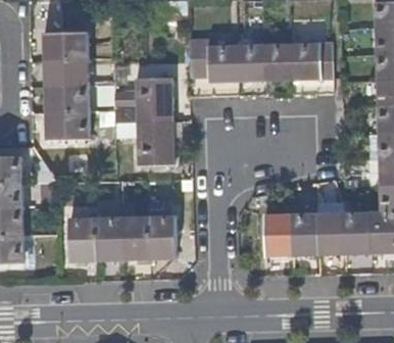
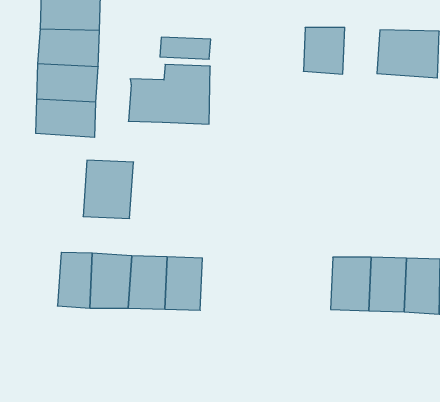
building: [188,38,238,80] -> none
building: [265,45,291,79] -> none
building: [139,121,173,163] -> [83,160,134,218]

